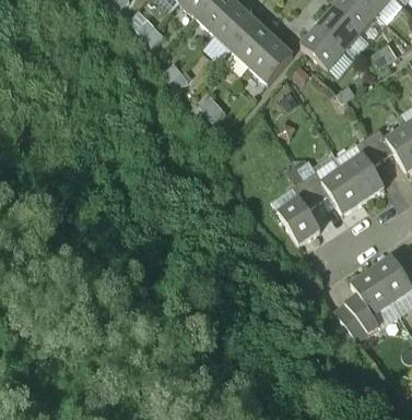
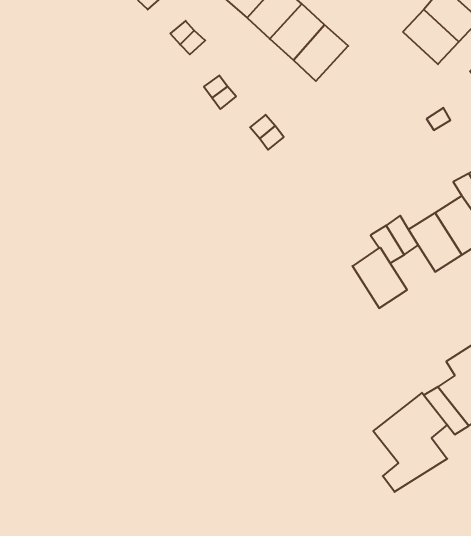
building: [301,25,344,69] -> none
building: [249,36,293,80] -> none
building: none -> [373,393,447,492]

